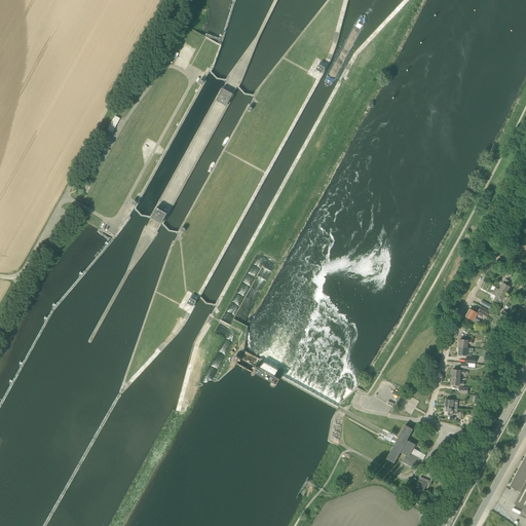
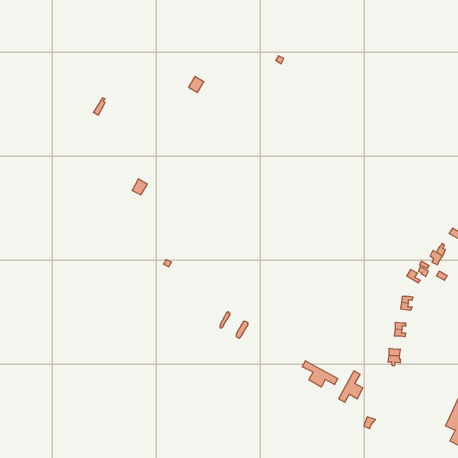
building: none -> [302,361,338,387]

